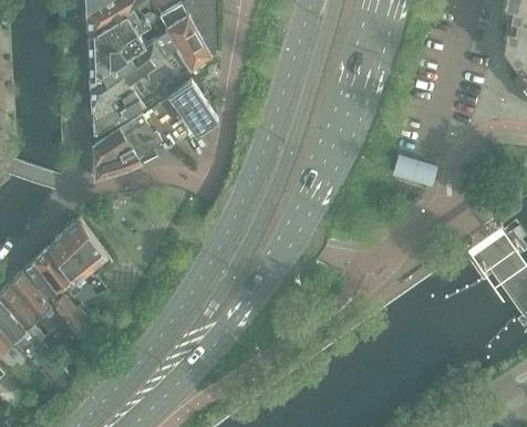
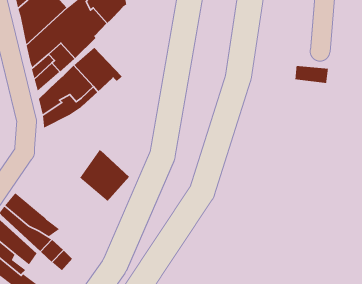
building: [170,79,219,134] -> none
building: [50,216,108,279] -> [79,148,130,202]

